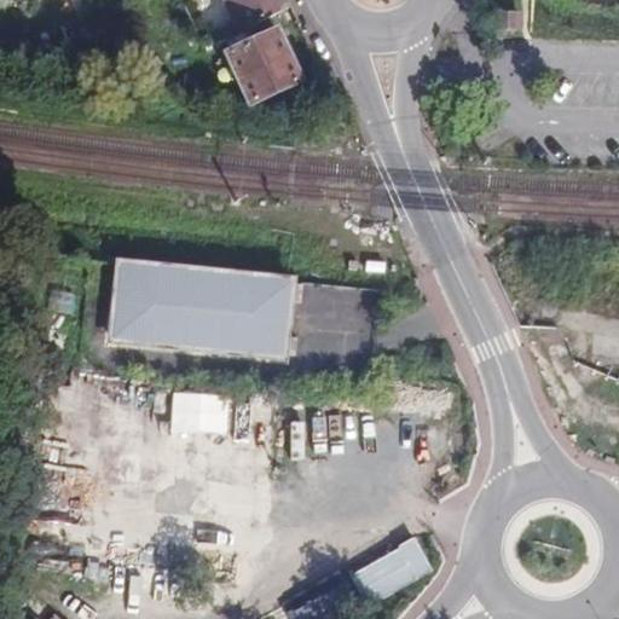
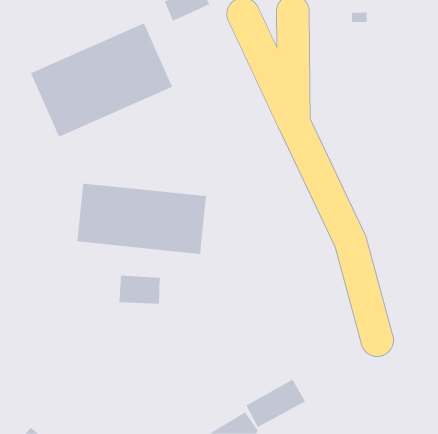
building: [226,25,300,98] -> none
building: none -> [30,22,173,137]

